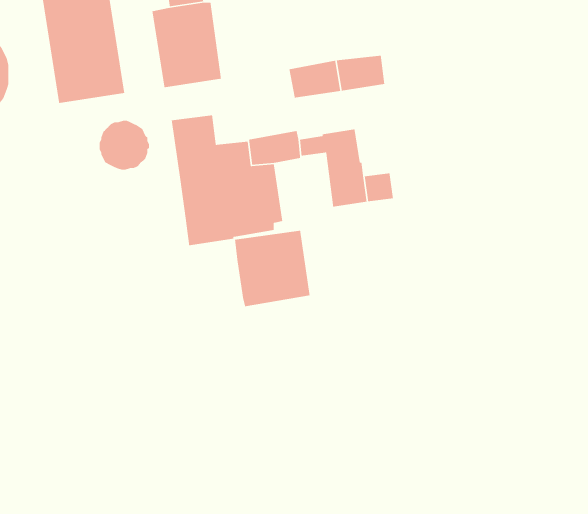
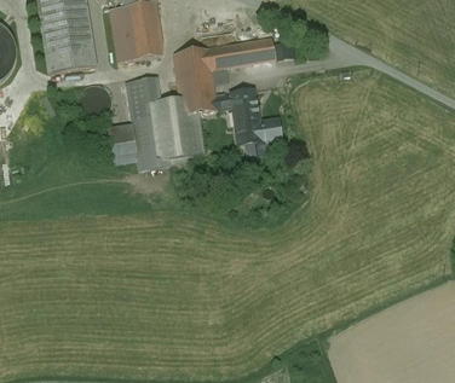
building: none -> [173,48,214,97]
building: none -> [108,124,136,155]
building: [234,230,311,307] -> none

